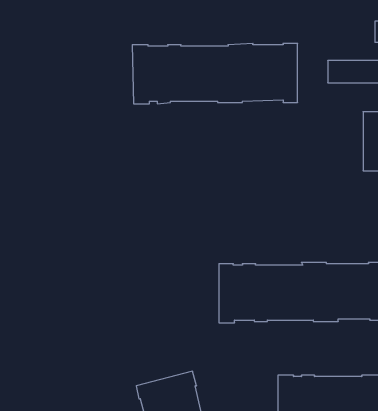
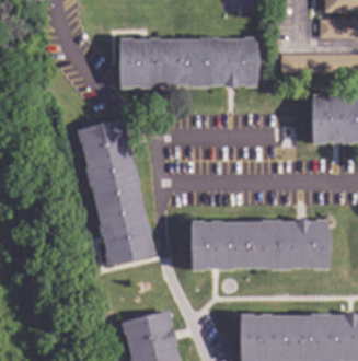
building: none -> [78,119,157,264]

